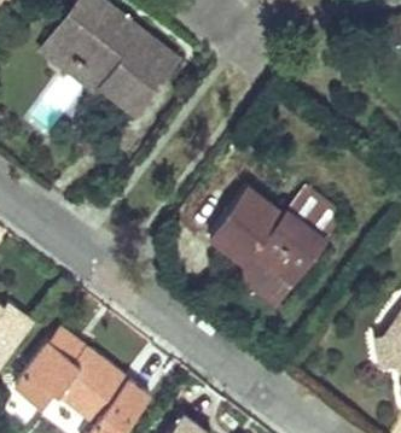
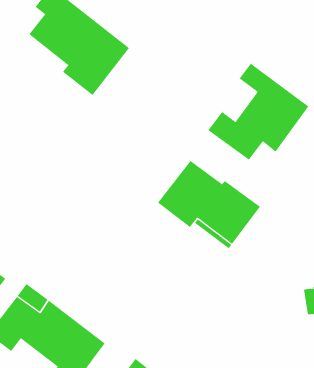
building: [40,13,106,94] -> none
building: none -> [207,63,309,160]

